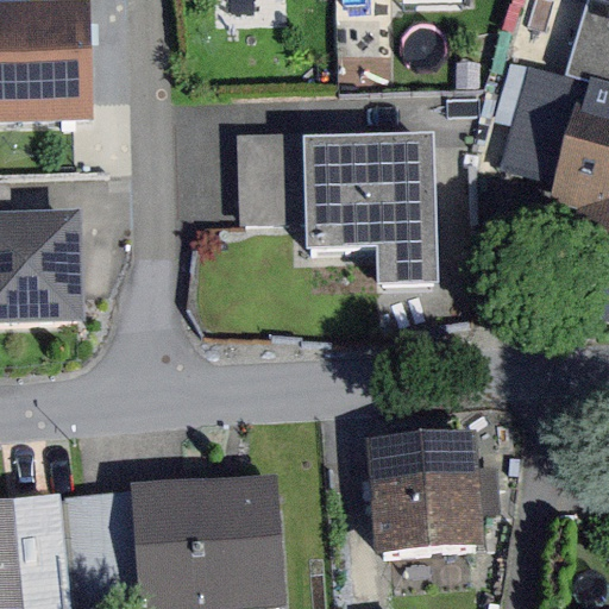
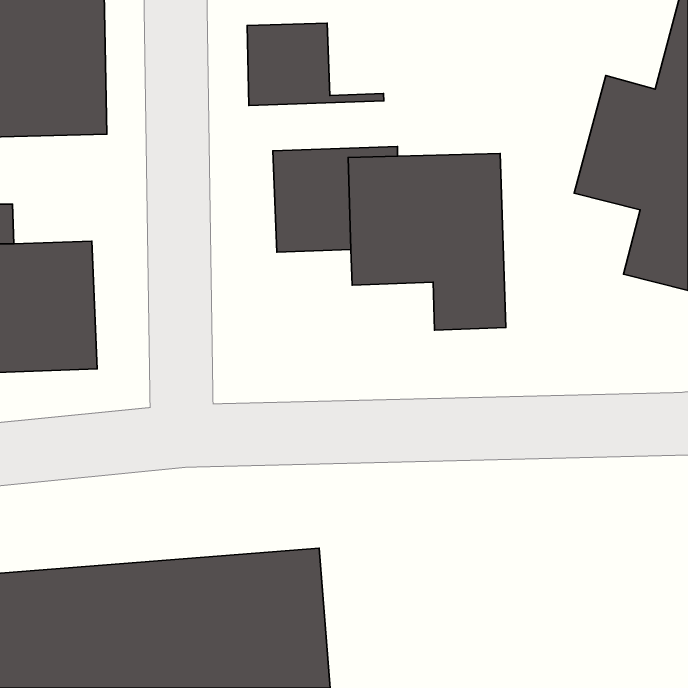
building: none -> [247,23,384,105]
building: [357,456,508,573] -> none

